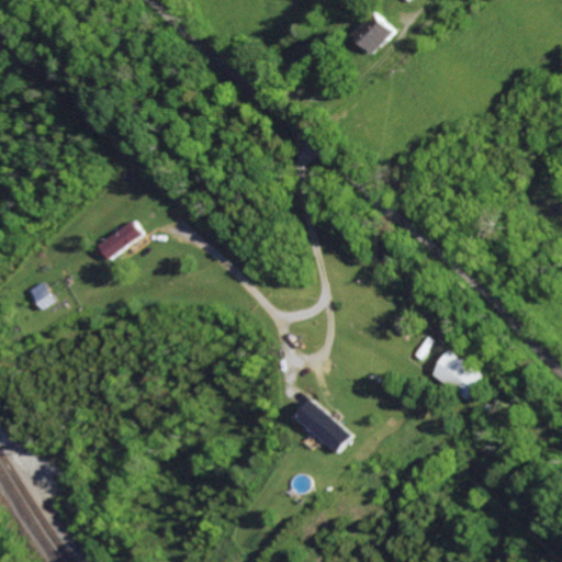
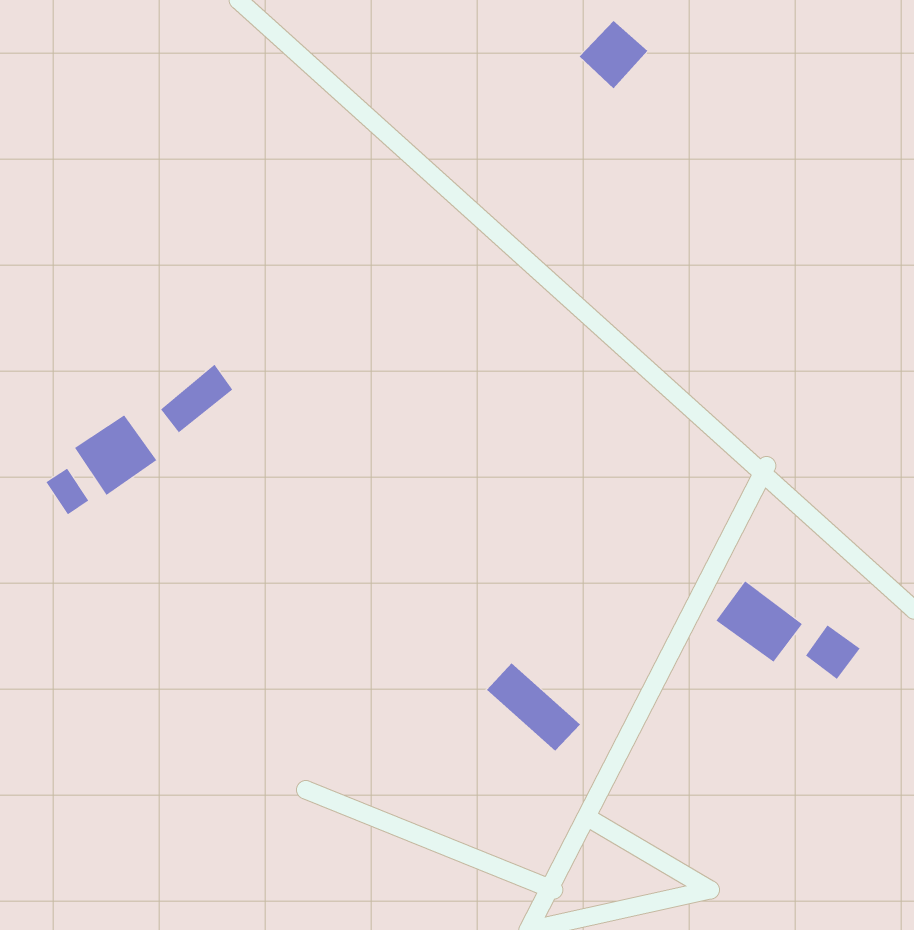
building: none -> [74,414,157,496]
building: none -> [805,625,860,680]

